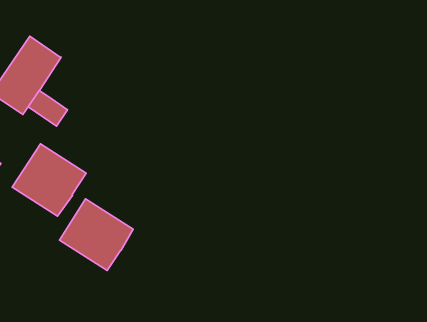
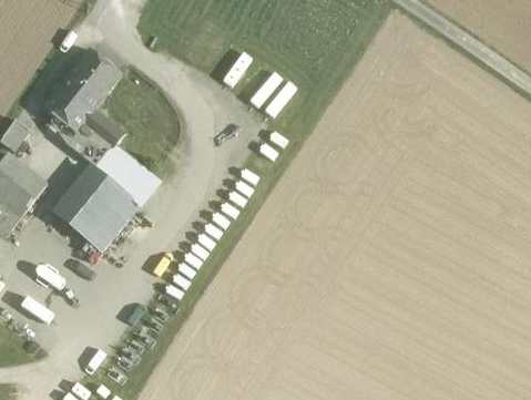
building: none -> [94,150,147,198]
building: [60,199,133,271] -> none

